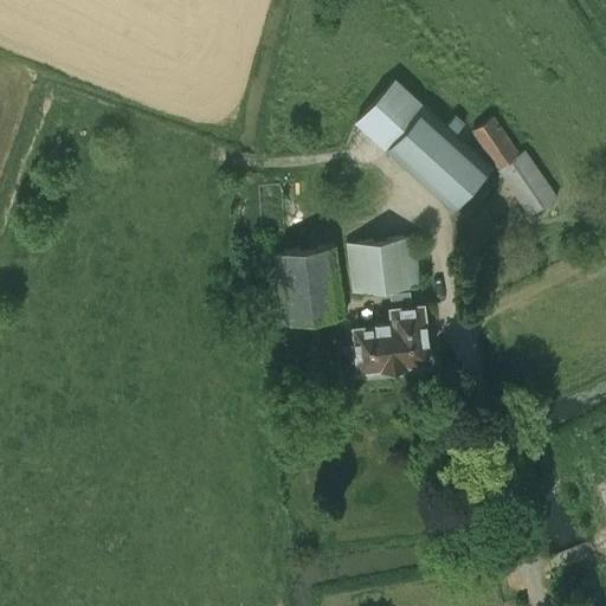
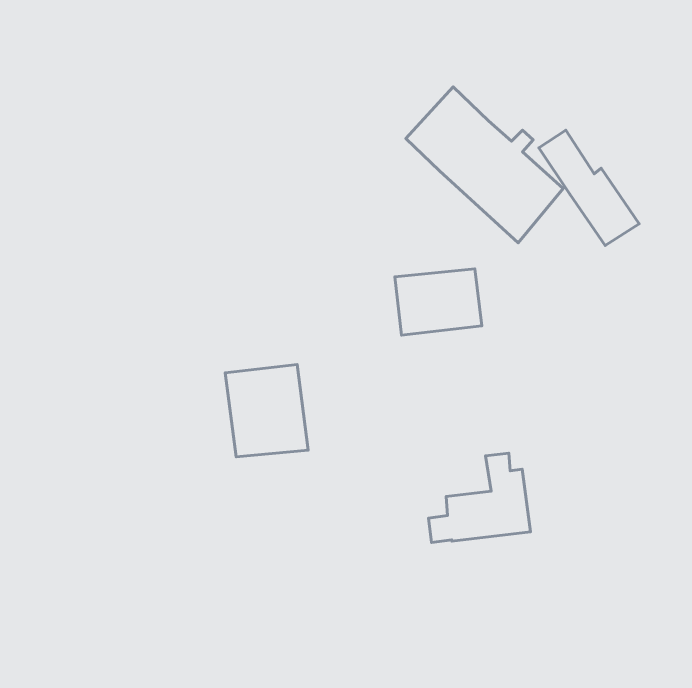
building: [273,246,346,327] -> [225,365,308,457]
building: [341,295,430,373] -> [429,453,530,543]

